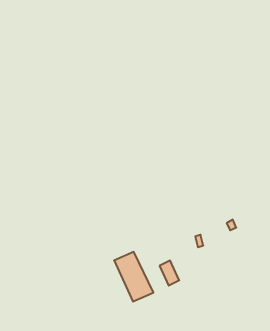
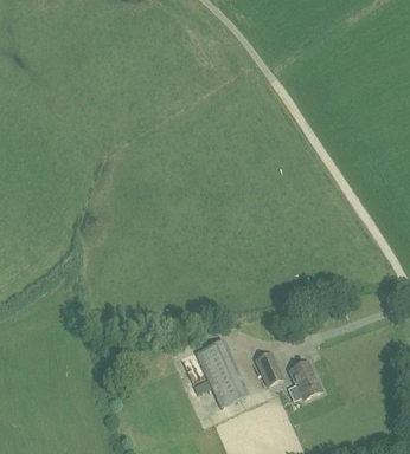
building: none -> [289,359,321,396]

